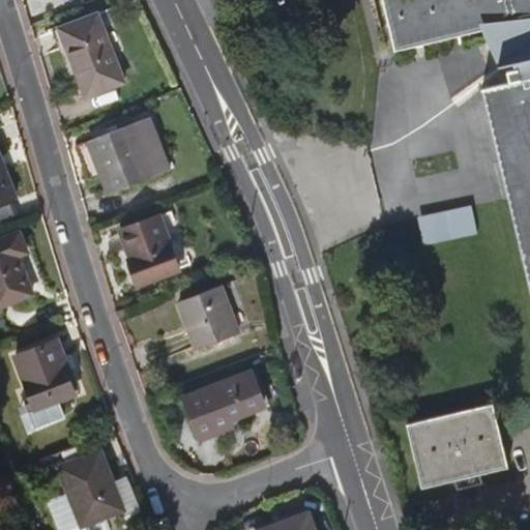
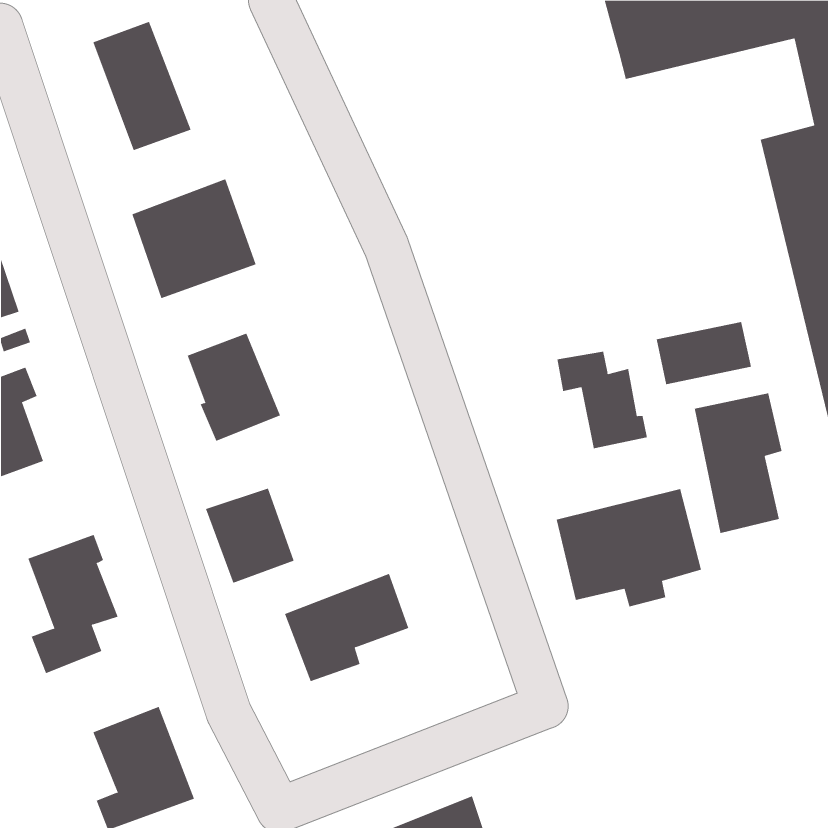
building: none -> [557,351,647,449]
building: none -> [694,393,782,534]
building: [179,284,236,345] -> [205,488,295,584]
building: [411,414,504,490] -> [556,489,702,607]

